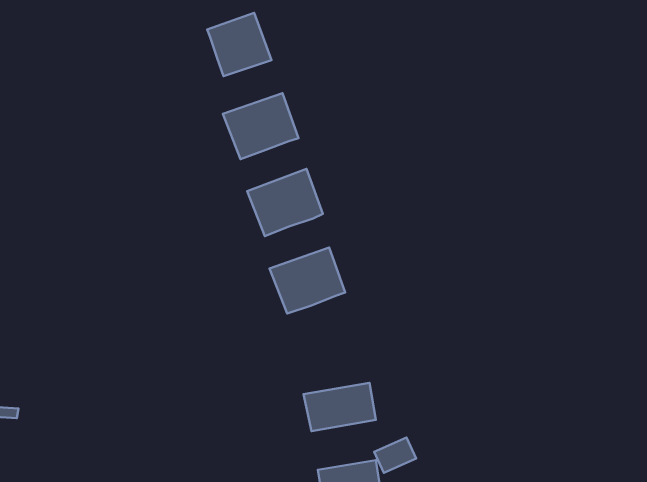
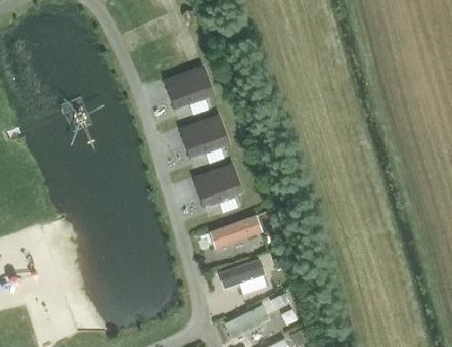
building: [207,13,271,76] -> none
building: none -> [205,213,262,247]

